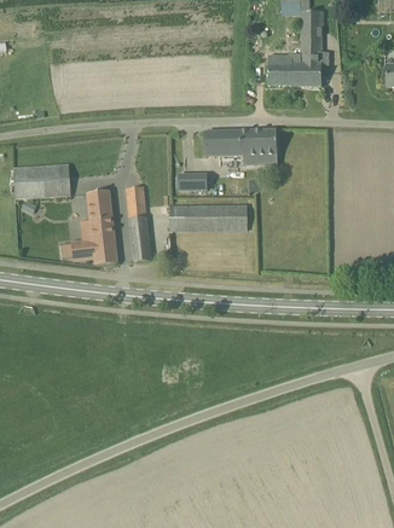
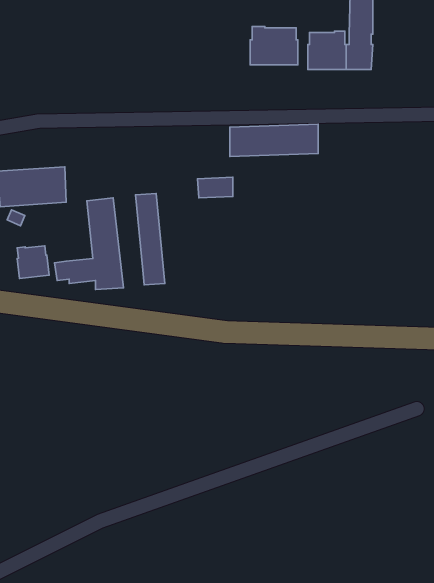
building: none -> [250,26,298,65]
building: [169,204,248,230] -> none
building: none -> [17,246,49,278]

